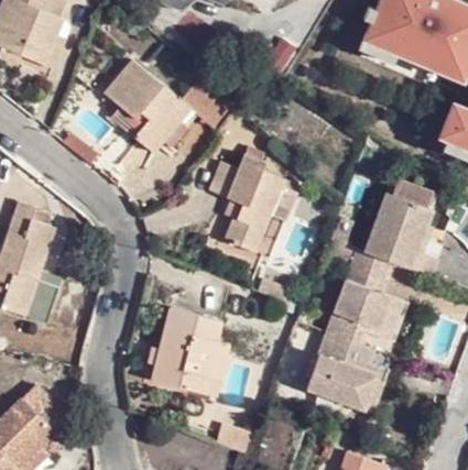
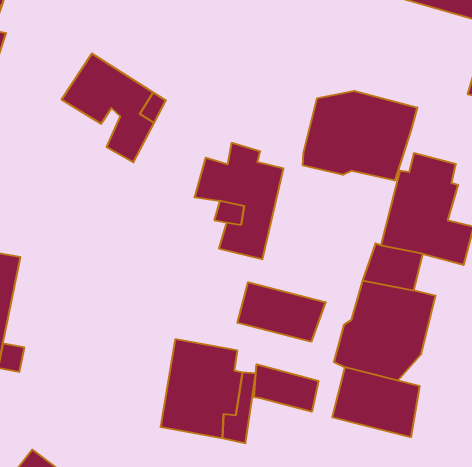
building: none -> [303,91,417,181]
building: none -> [238,282,326,342]
building: none -> [254,364,318,412]

